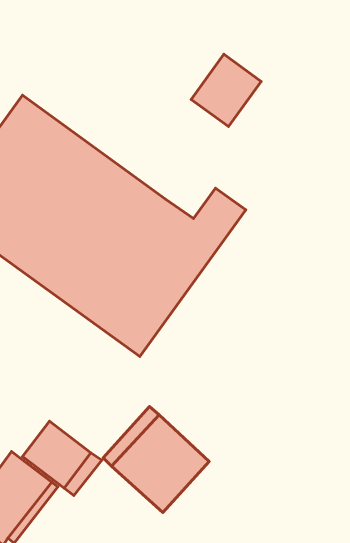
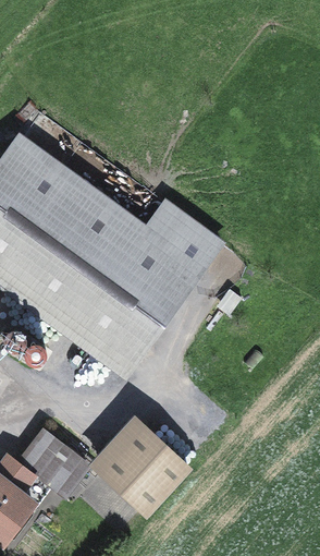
building: [191,54,261,127] -> none
building: none -> [149,204,194,249]

